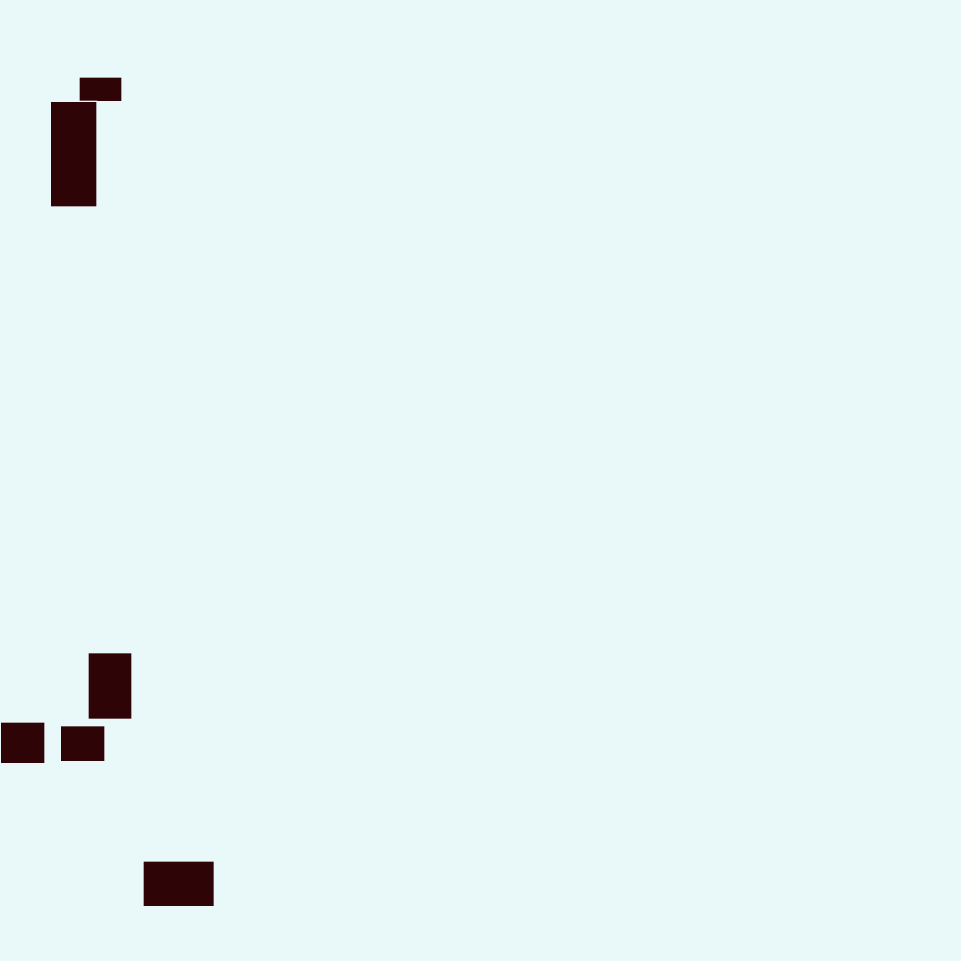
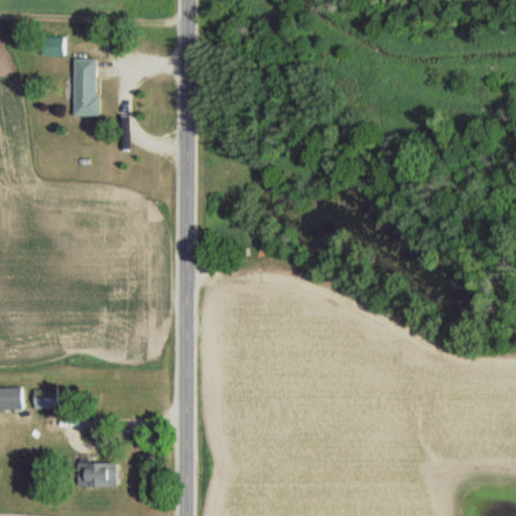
building: [50,102,97,207] -> [73,59,98,116]
building: [88,653,132,719] -> none

